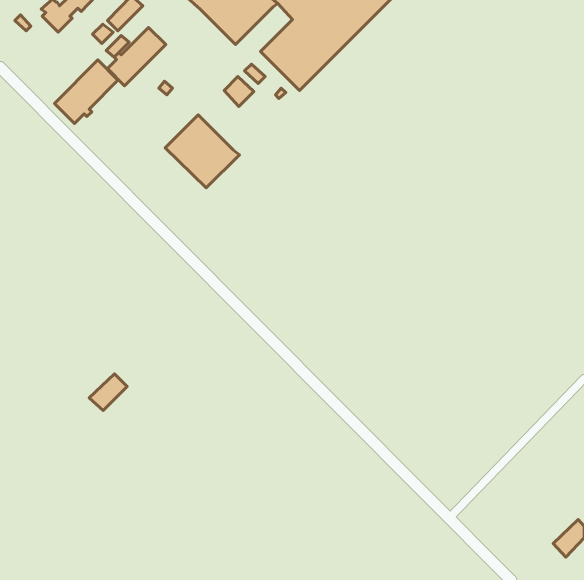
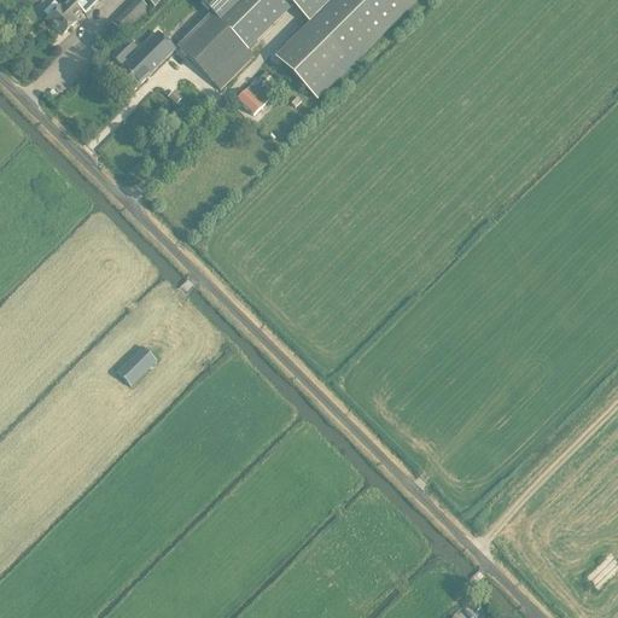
building: [54,60,118,124] -> none
building: [165,115,239,188] -> [176,10,255,87]
building: [89,374,127,411] -> [116,344,156,383]

